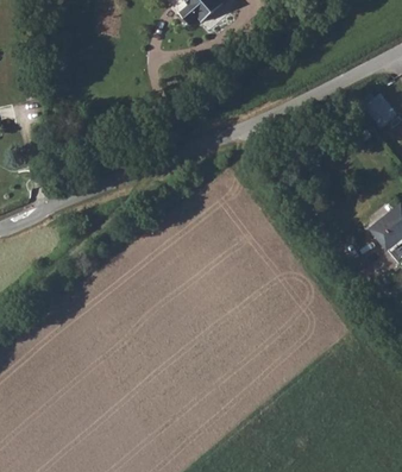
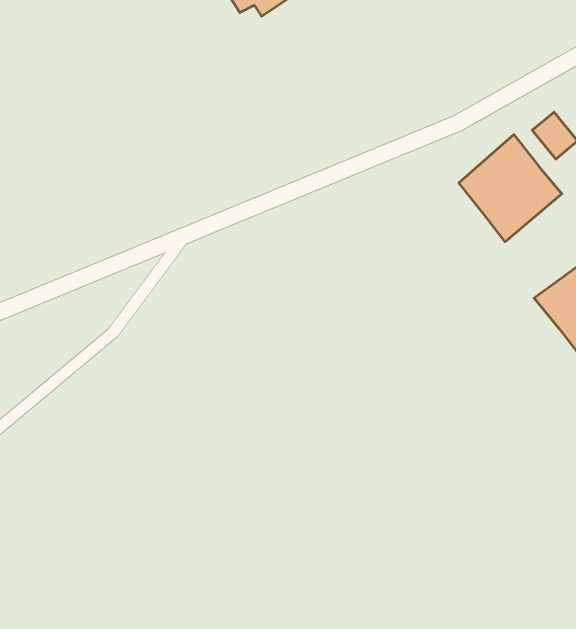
building: none -> [459,135,562,242]

